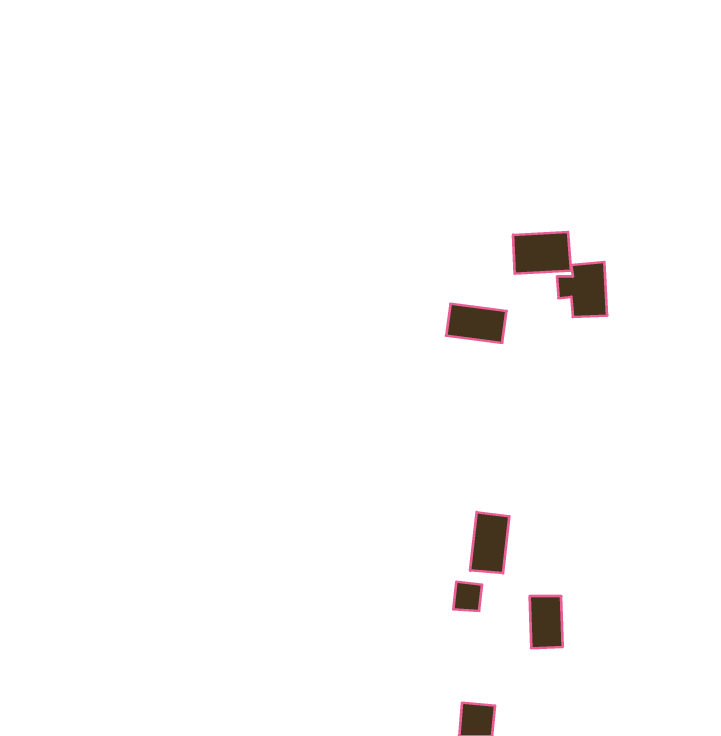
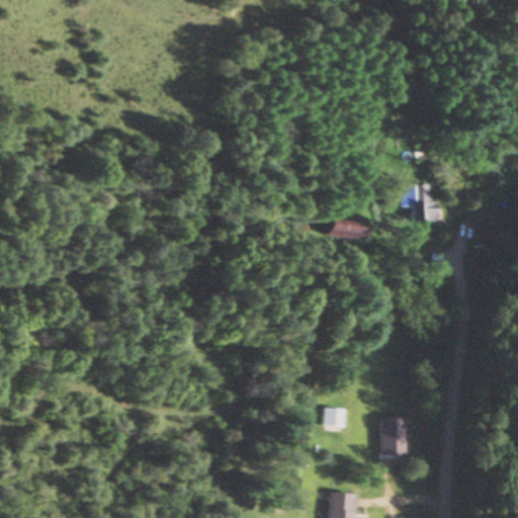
building: [513,232,571,274] -> none
building: [470,512,509,573] -> none

